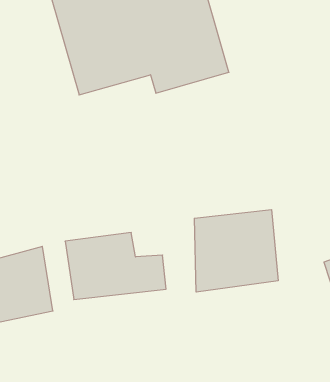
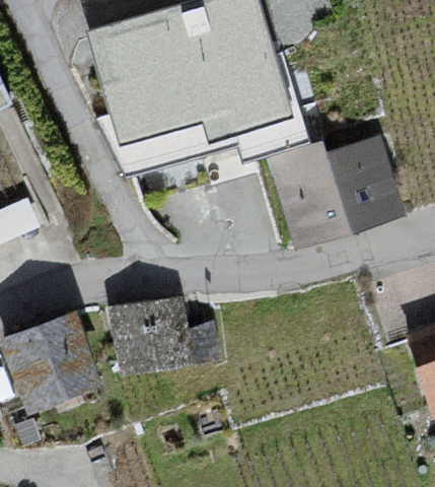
building: none -> [275,136,404,244]
building: [194,210,278,292] -> none

